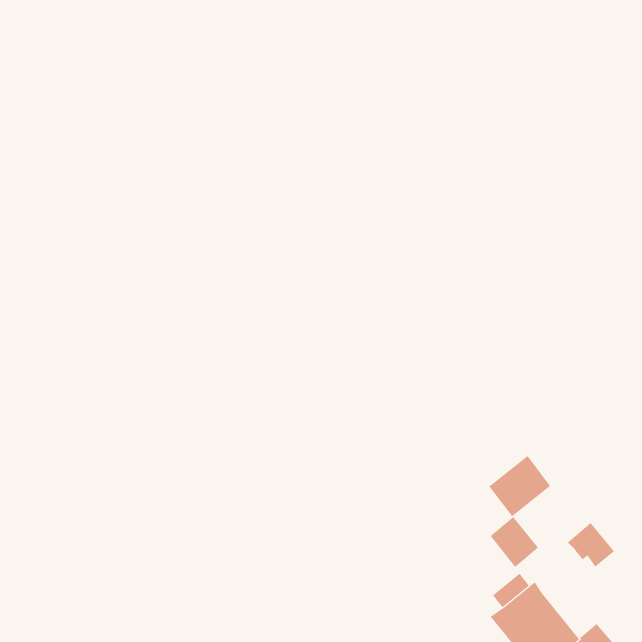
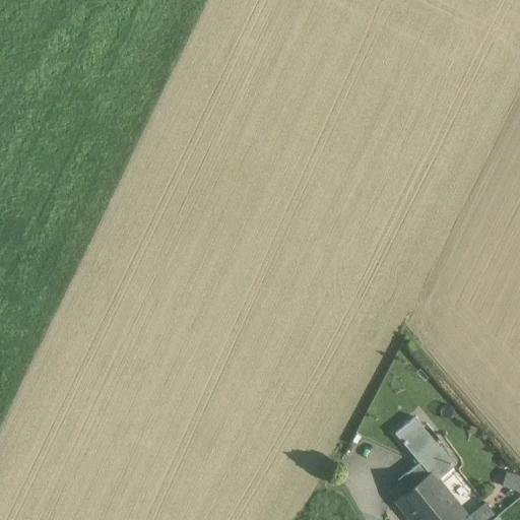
building: [489,455,551,517] -> none
building: [567,522,615,568] -> [416,443,455,479]

